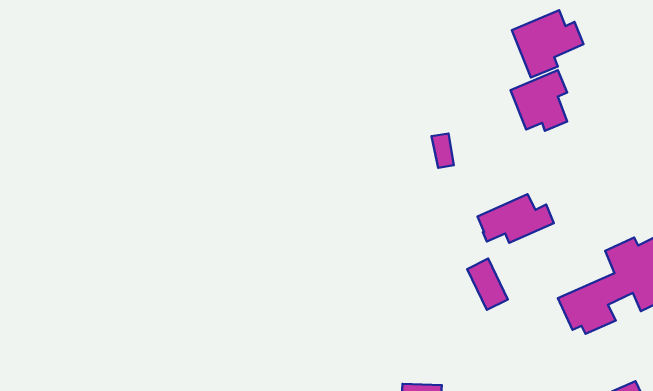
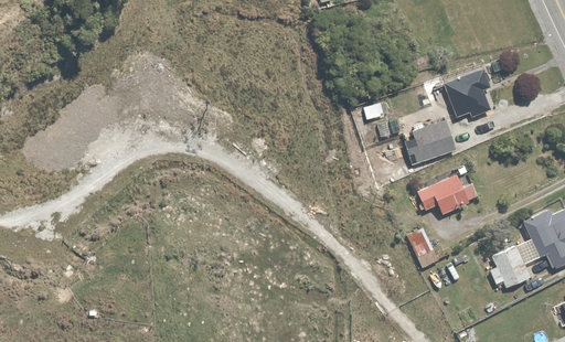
building: [512,10,584,78] -> none
building: none -> [412,120,456,162]

